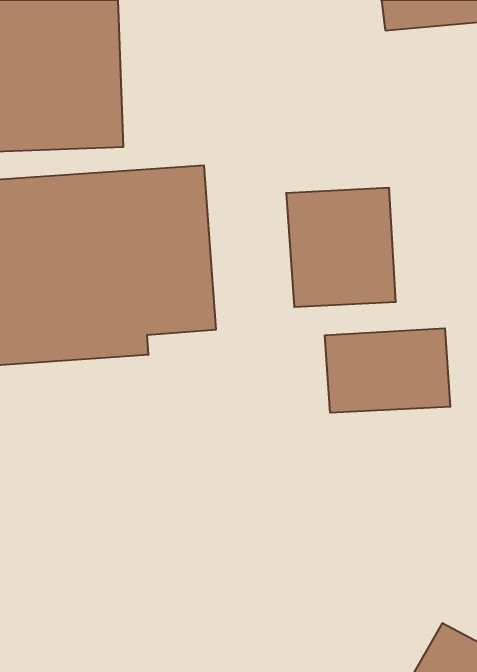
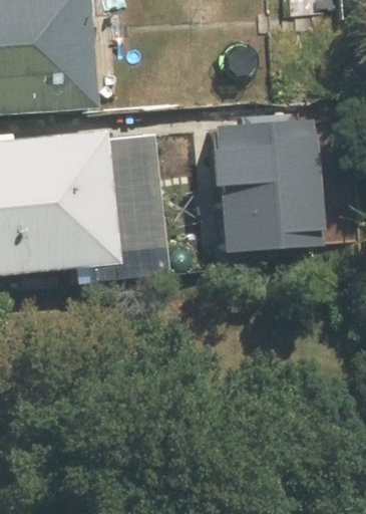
building: [325,328,450,413] -> none

